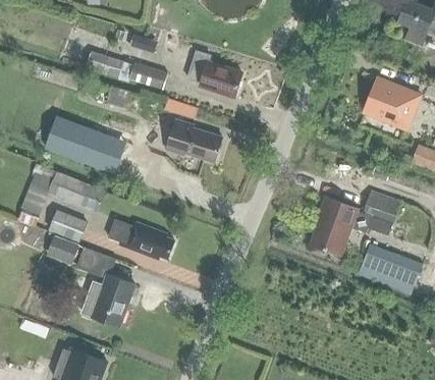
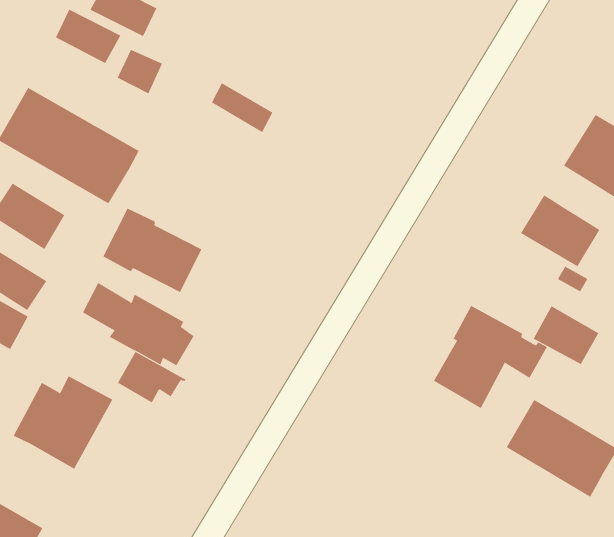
building: [185,50,241,97] -> none
building: [130,63,167,91] -> [55,9,121,64]
building: [166,120,221,163] -> [103,208,202,293]
building: none -> [520,194,600,267]
building: [76,248,115,275] -> [117,351,187,403]

